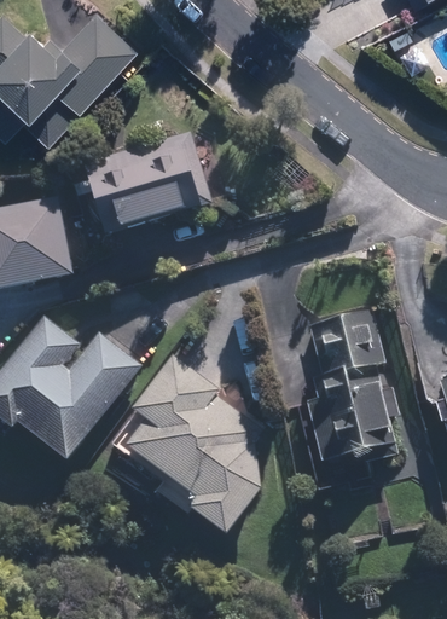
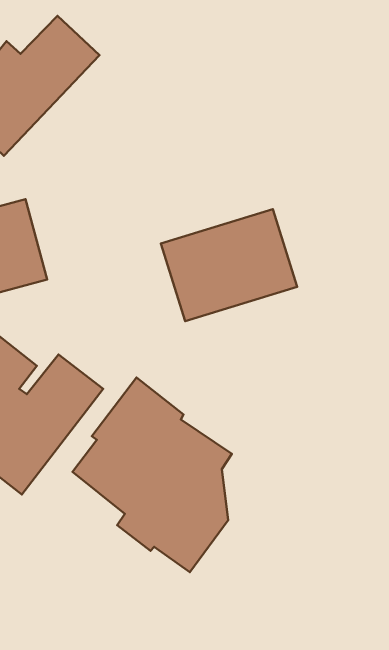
building: [86,132,215,238] -> [161,209,297,321]
building: [310,307,402,459] -> none

